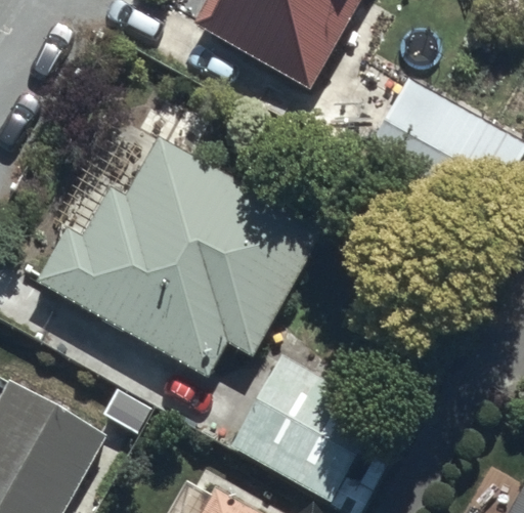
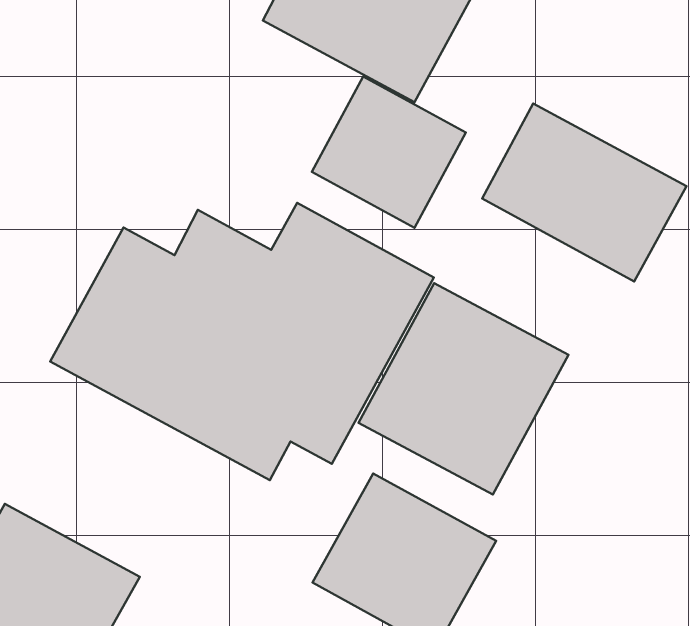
building: none -> [312,76,466,228]
building: none -> [359,283,568,495]

